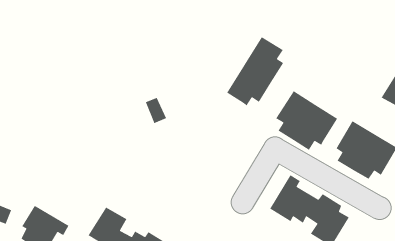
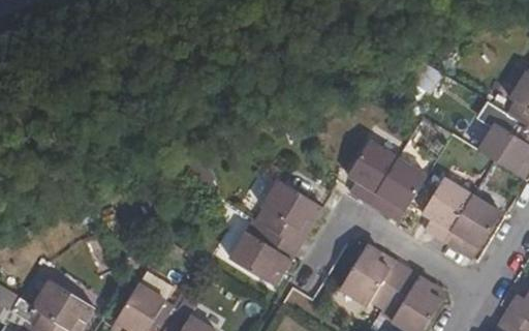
building: [226,36,284,107] -> none
building: none -> [228,181,321,282]

